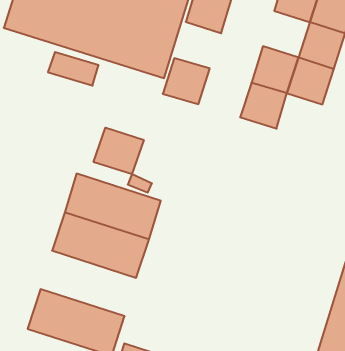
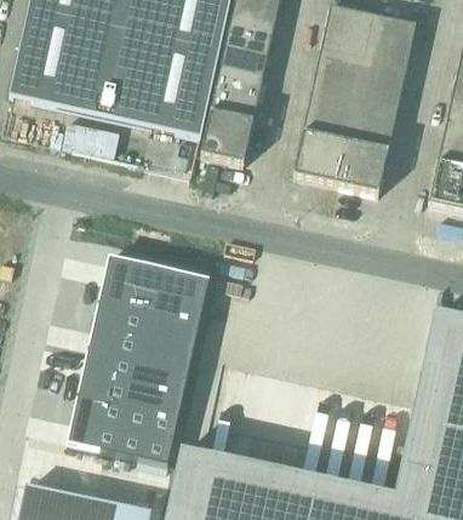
building: none -> [313,46,365,98]
building: none -> [211,68,263,120]
building: none -> [337,141,388,193]
building: [94,128,144,174] -> none
building: none -> [79,348,189,417]

